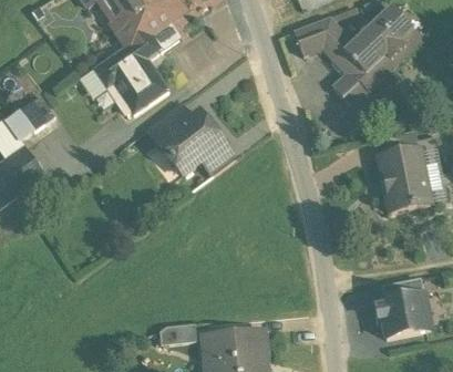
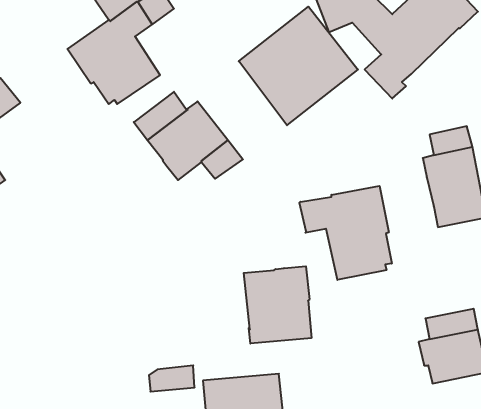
building: none -> [239,7,358,125]
building: none -> [299,186,392,280]
building: none -> [244,266,311,344]

